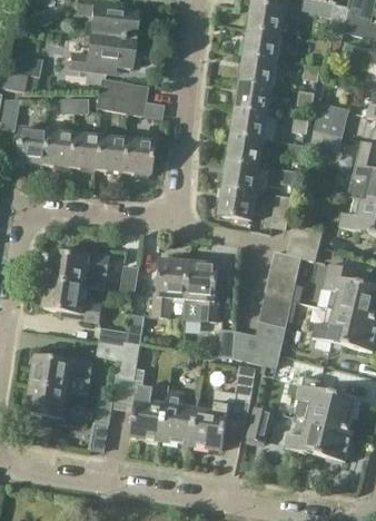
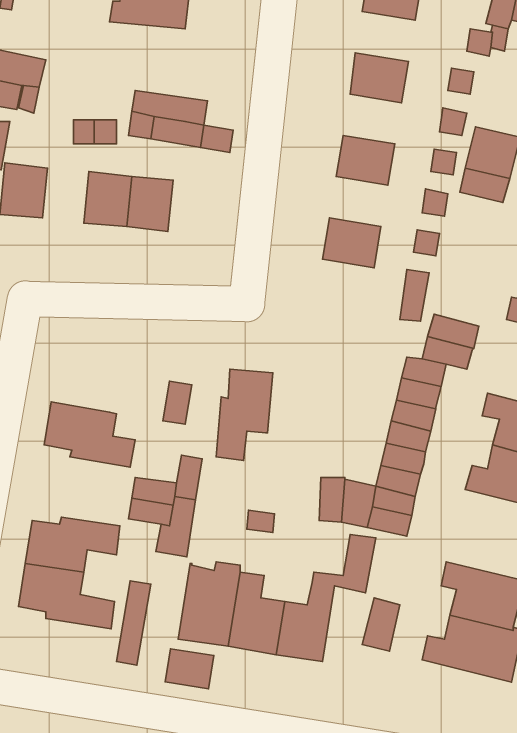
building: [244,28,283,60] -> none
building: [70,35,133,71] -> none
building: [236,81,274,114] -> none
building: [41,129,71,165] -> none
building: [227,135,265,167] -> none
building: [122,137,154,173] -> none
building: [218,188,256,220] -> none
building: [47,250,109,287] -> none
building: [185,262,222,322] -> none
building: none -> [165,649,214,689]

